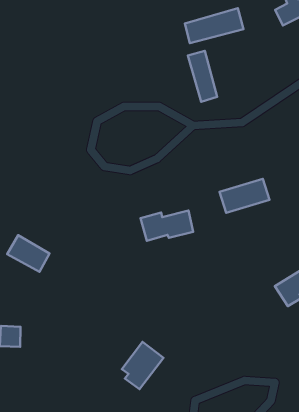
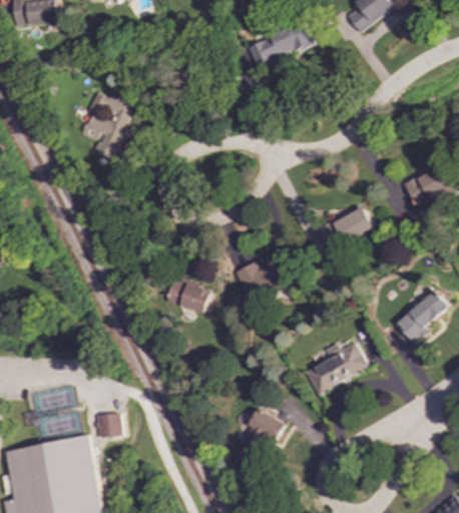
building: none -> [84,91,130,159]
building: [188,51,217,102] -> none
building: [7,235,50,272] -> [164,276,211,313]
building: none -> [305,342,368,393]

